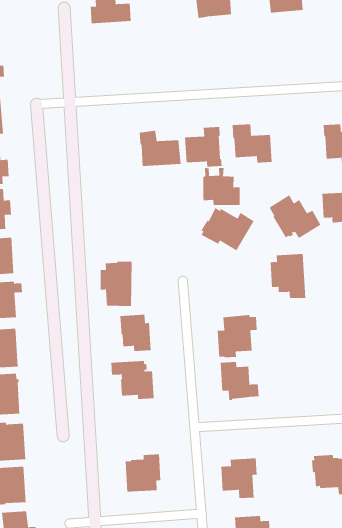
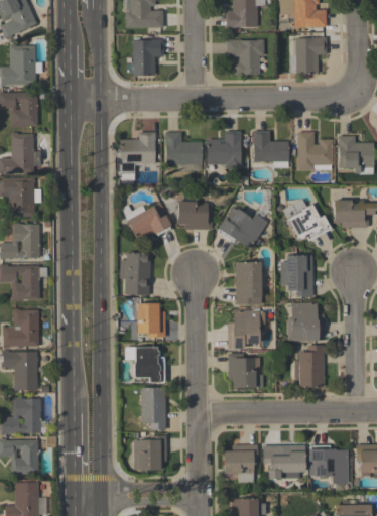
building: none -> [289,37,327,73]
building: none -> [226,38,264,75]
building: none -> [132,38,164,75]
building: none -> [297,132,333,170]
building: none -> [119,132,155,179]
building: [202,167,241,206] -> [176,192,213,230]
building: none -> [121,204,171,241]
building: none -> [235,261,261,305]
building: none -> [287,302,324,341]
building: none -> [294,345,324,387]
building: none -> [140,388,165,430]
building: none -> [263,444,305,480]

